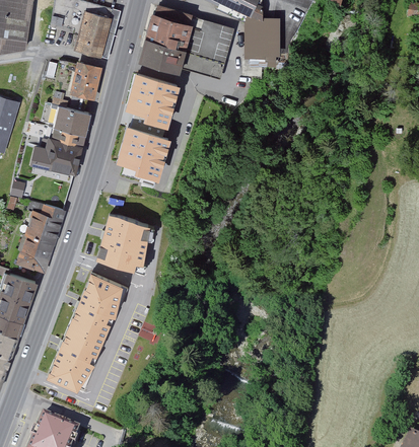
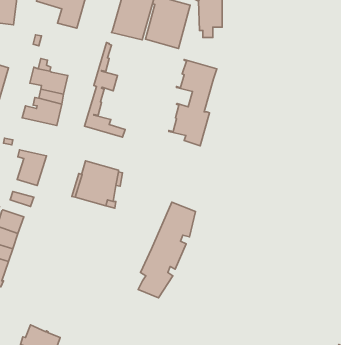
building: [74,65,100,97] -> none
building: [121,74,179,177] -> [169,59,217,146]
building: [23,237,53,258] -> none
building: [53,275,122,389] -> [138,202,196,298]

